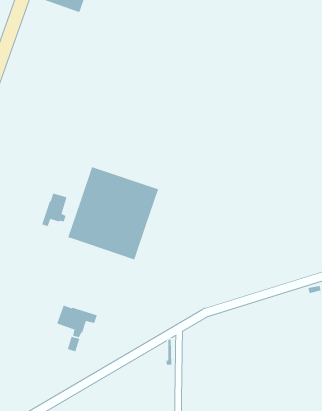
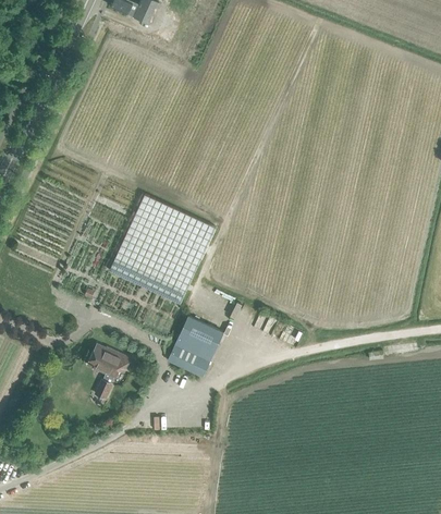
building: [41,193,67,227] -> none
building: none -> [167,315,224,377]

